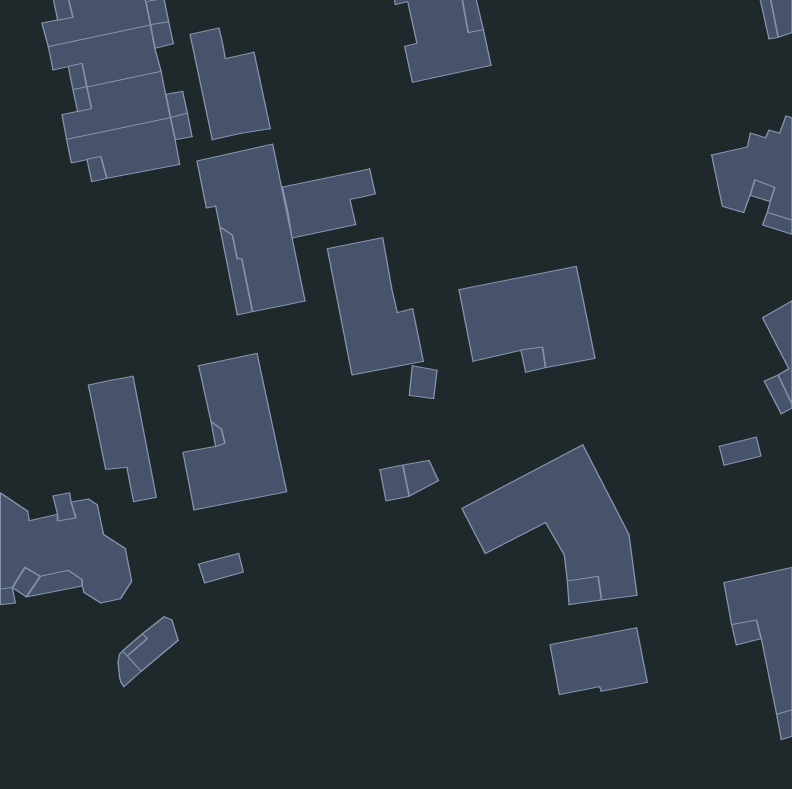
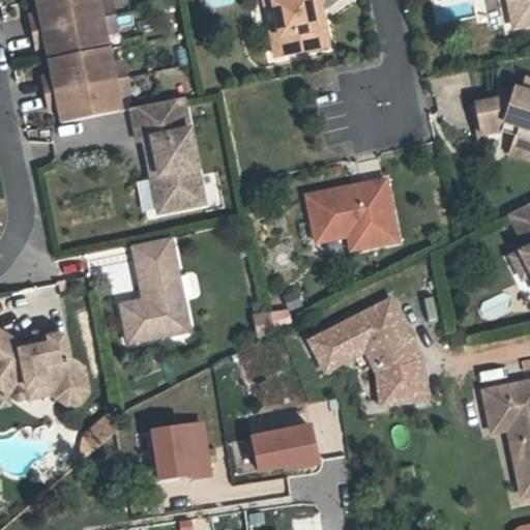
building: [190,28,270,140] -> none
building: [282,169,375,238] -> none
building: [327,238,423,375] -> none
building: [88,376,156,502] -> none
building: [550,628,648,694] -> [252,424,317,469]
building: none -> [152,421,209,477]

